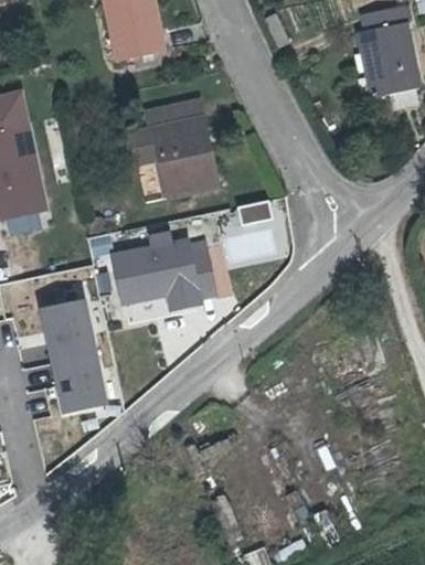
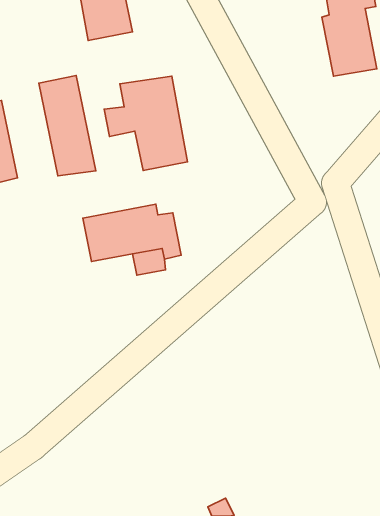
building: none -> [39,76,96,176]
building: [39,296,103,407] -> none

